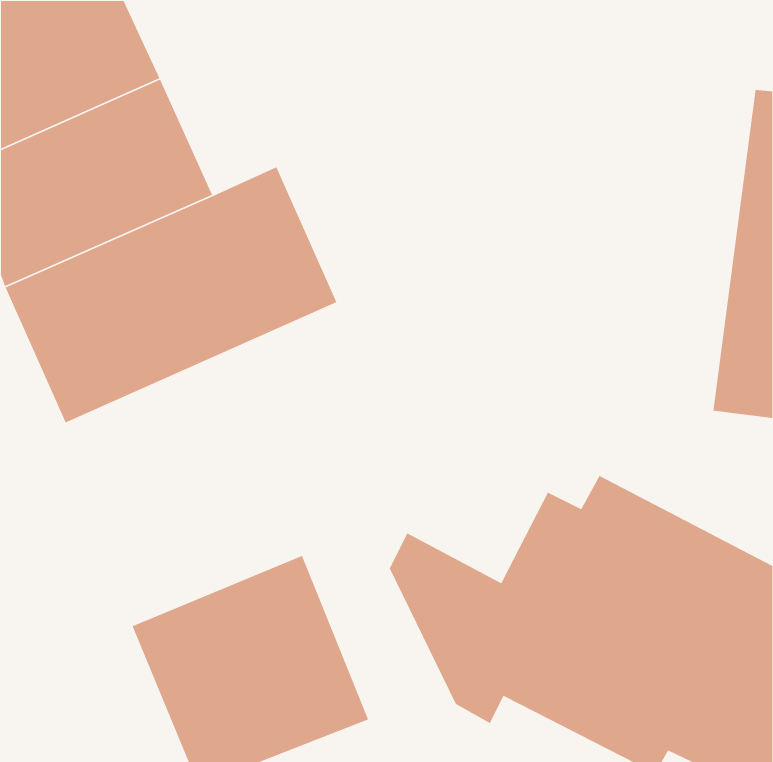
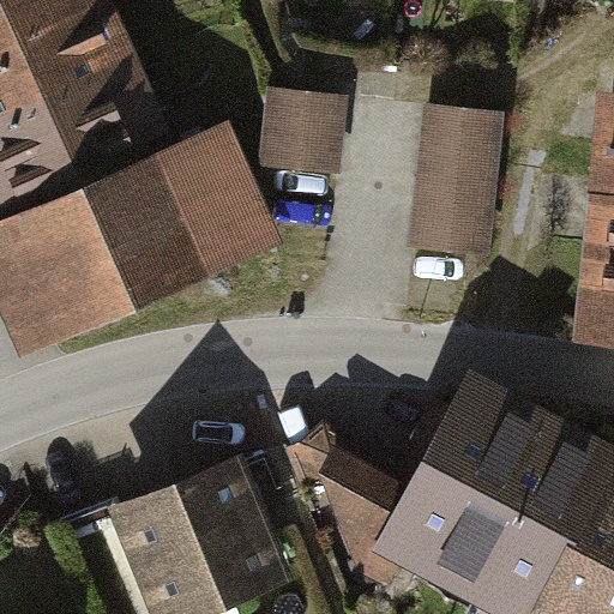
building: none -> [267,91,355,181]
building: none -> [413,107,507,265]

